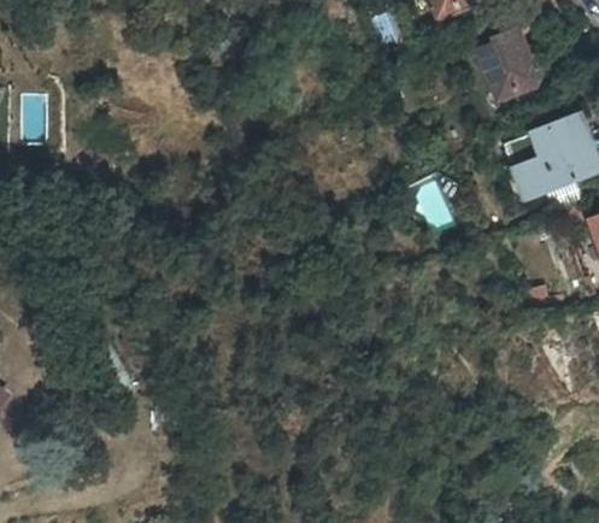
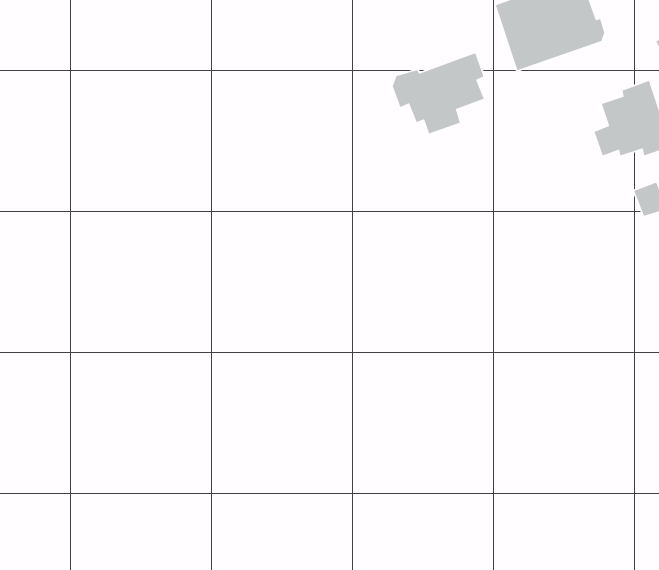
building: none -> [392,52,485,134]

